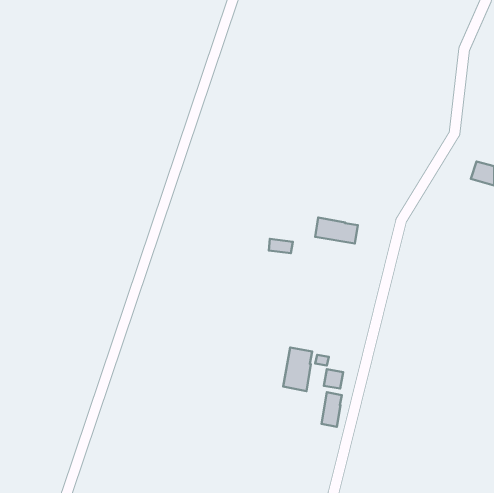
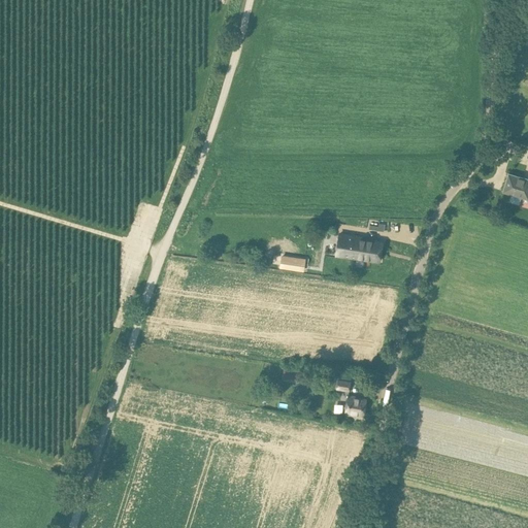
building: [283,347,312,391] -> none
building: [321,392,342,427] -> none

